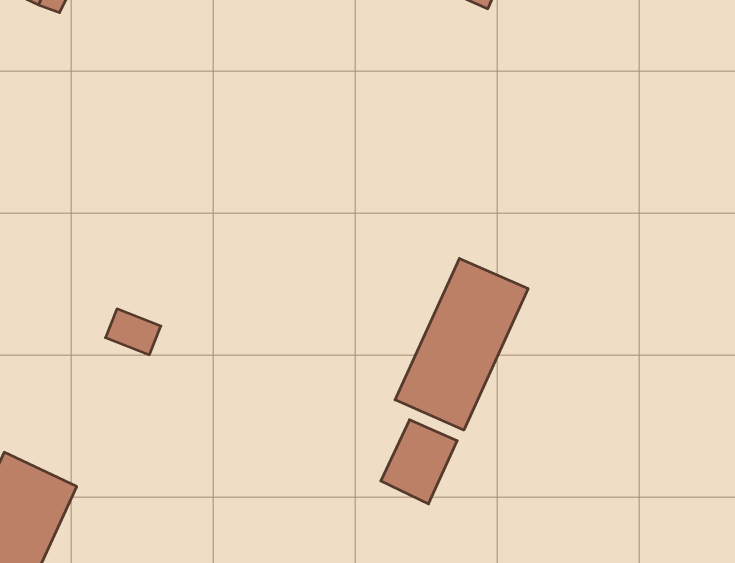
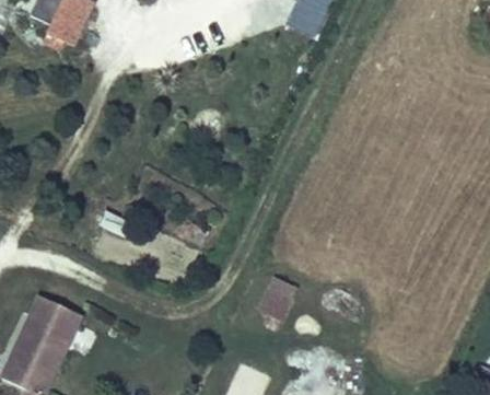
building: [395,258,528,430] -> none

